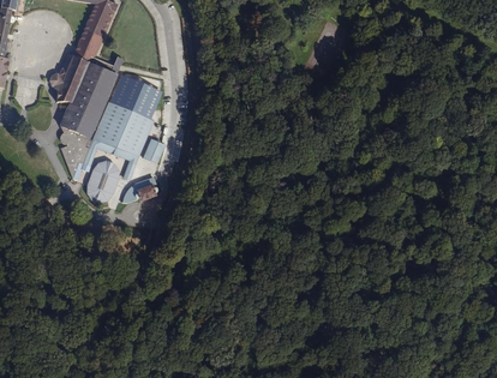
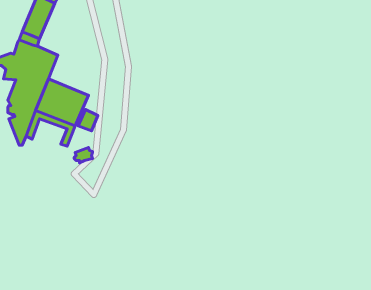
building: [108,72,163,118] -> none
building: [86,158,120,202] -> none

